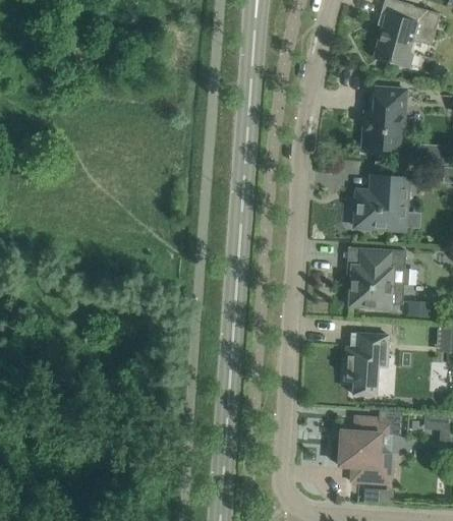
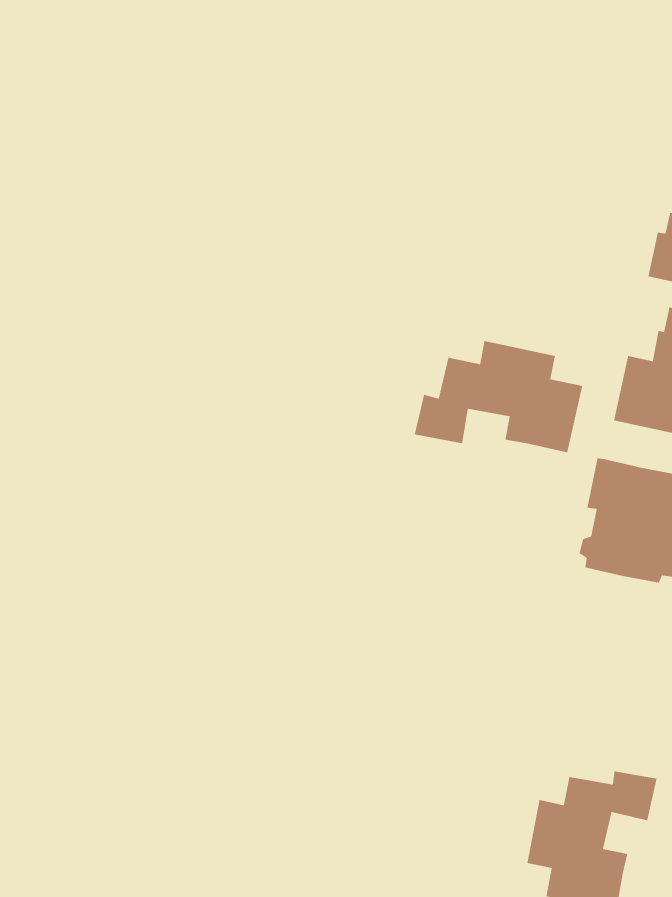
building: none -> [414,340,583,453]
building: [344,333,389,395] -> none

